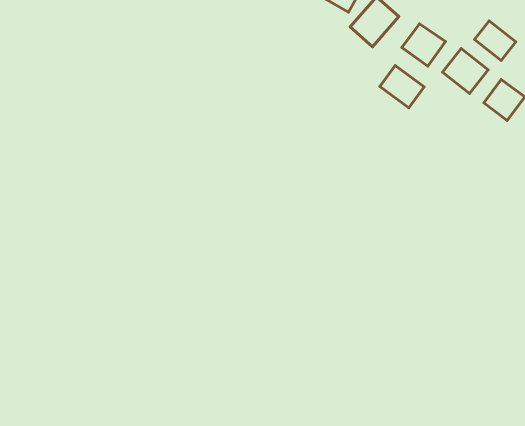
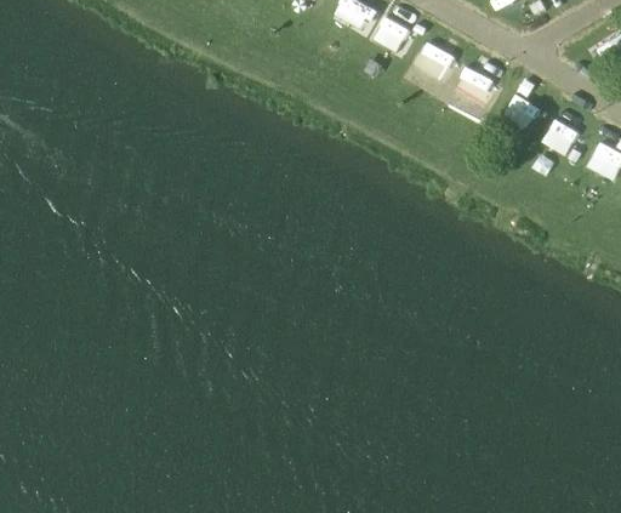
building: [474,21,516,61] -> none
building: [380,66,424,108] -> none

